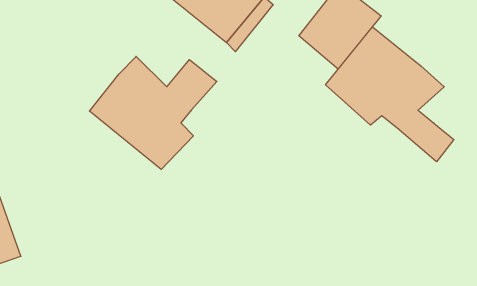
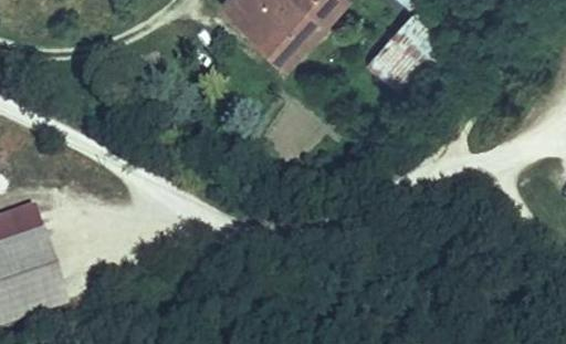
building: [326,27,454,162] -> none
building: [89,56,217,169] -> none

